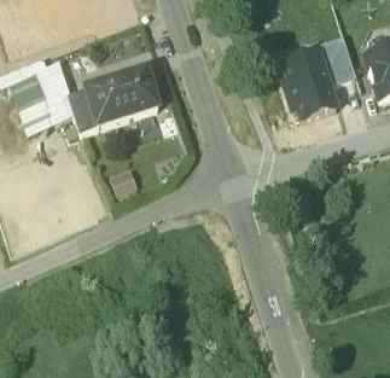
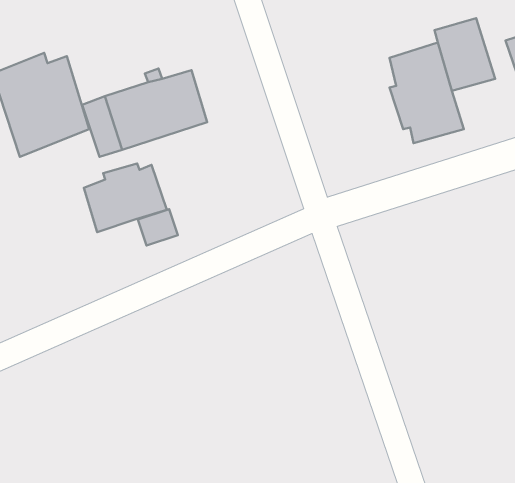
building: none -> [84,164,167,232]

